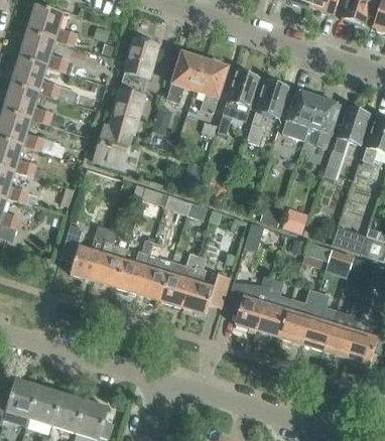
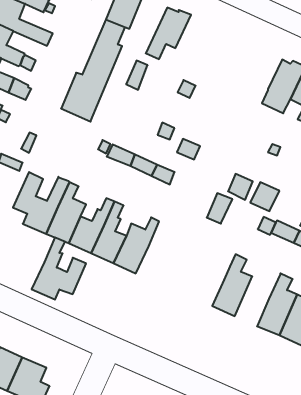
building: [194,57,227,114] -> none
building: [216,70,259,135] -> none
building: [245,80,286,144] -> none
building: [181,256,230,314] -> [32,237,86,300]
building: [234,275,273,329] -> none
building: [279,289,317,343] -> none

